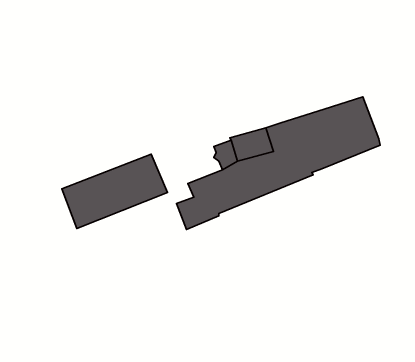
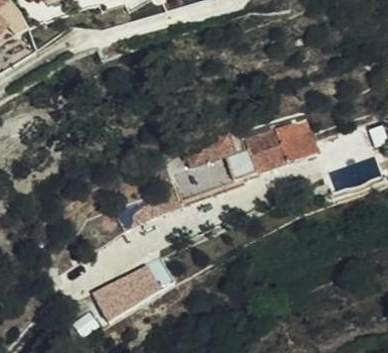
building: [62,154,167,229] -> [91,258,176,319]

